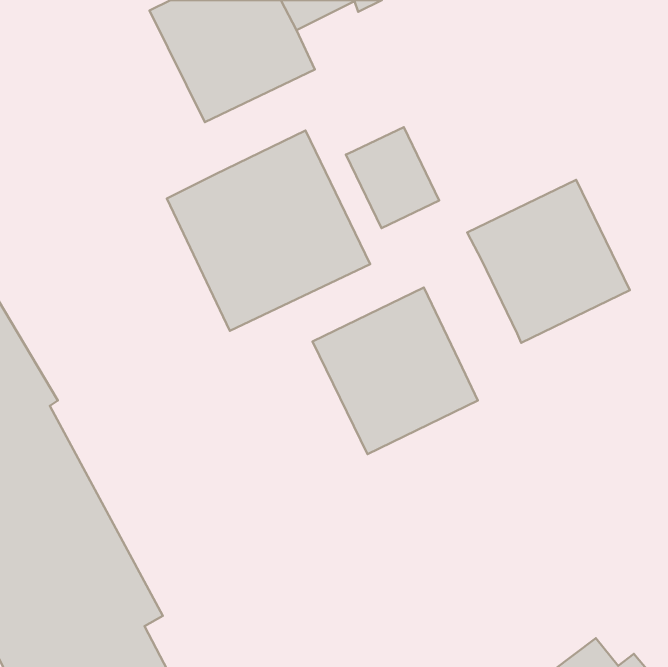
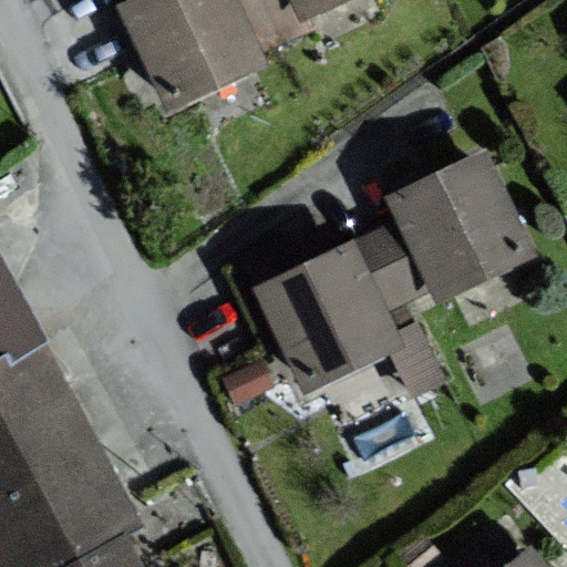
building: [346,127,439,228] -> [358,223,436,308]
building: [167,131,370,331] -> none

